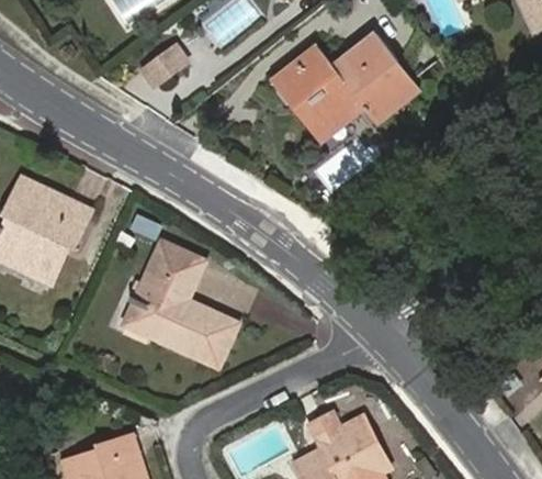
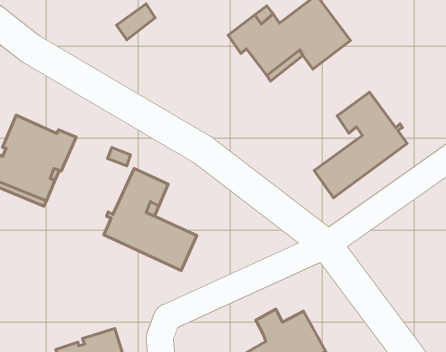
building: none -> [314,92,407,198]

